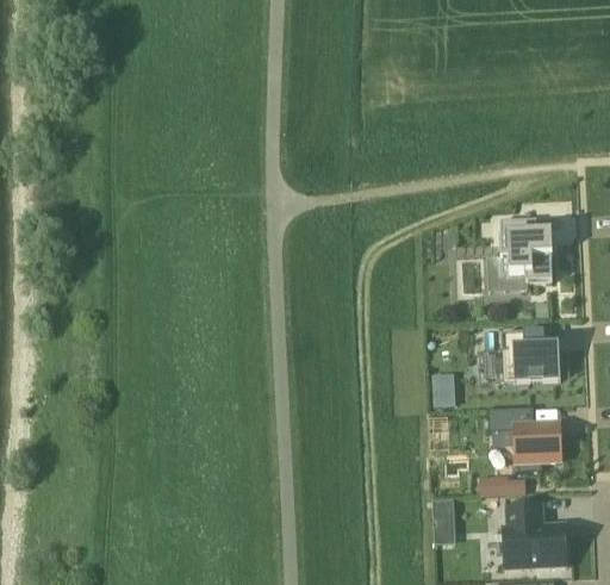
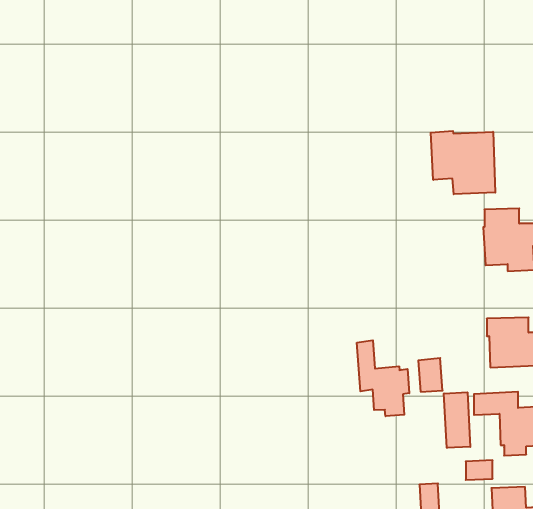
building: none -> [431,131,495,194]
building: none -> [357,340,409,416]
building: none -> [444,392,470,448]

